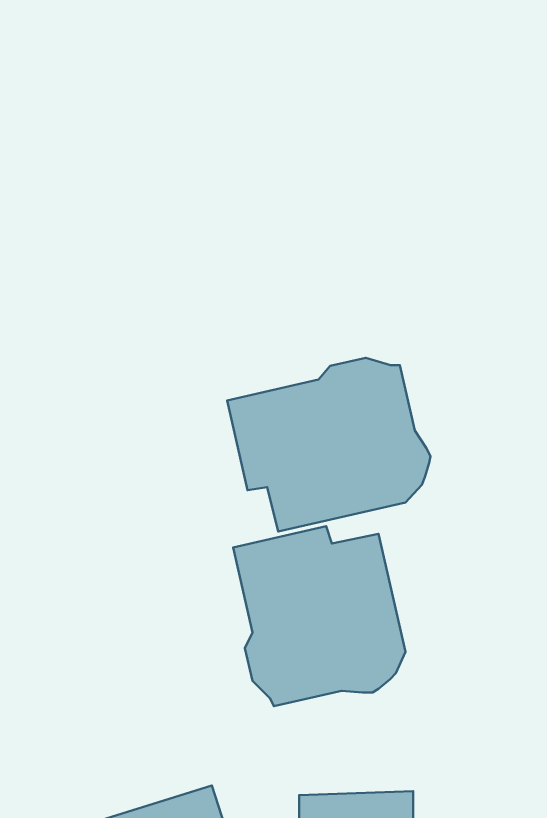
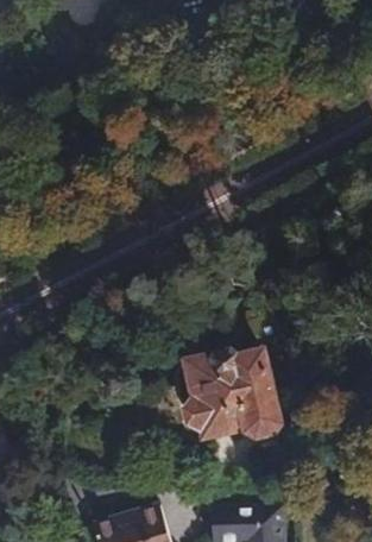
building: [227,358,430,532] -> none

